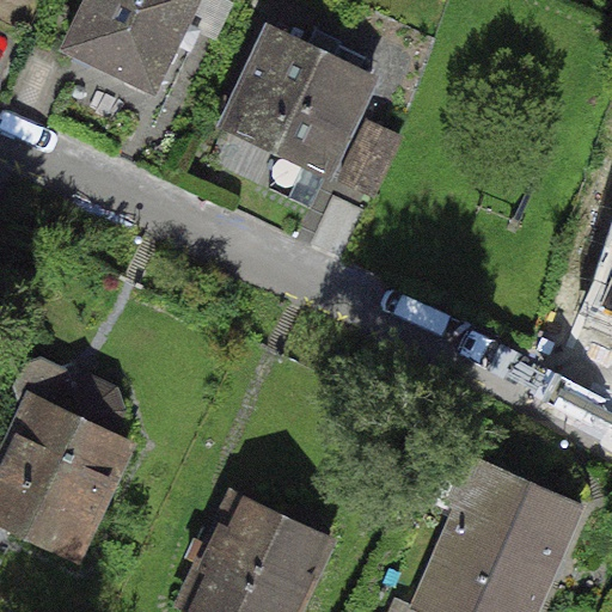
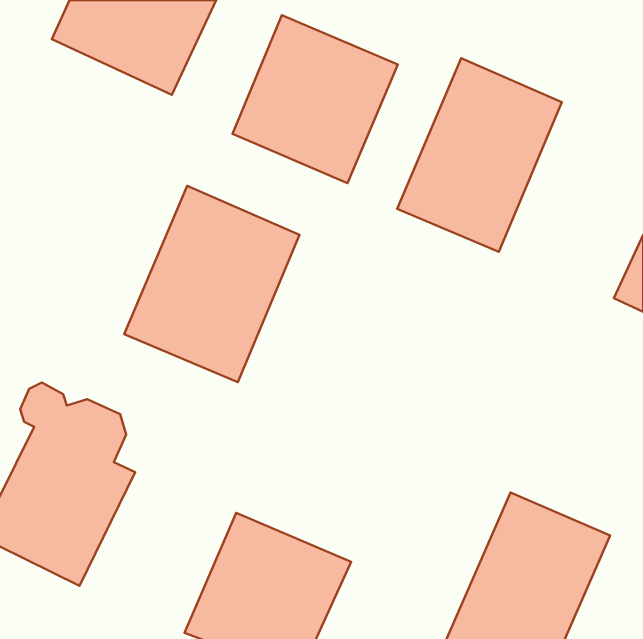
building: none -> [397,58,562,252]
building: none -> [124,186,300,382]

